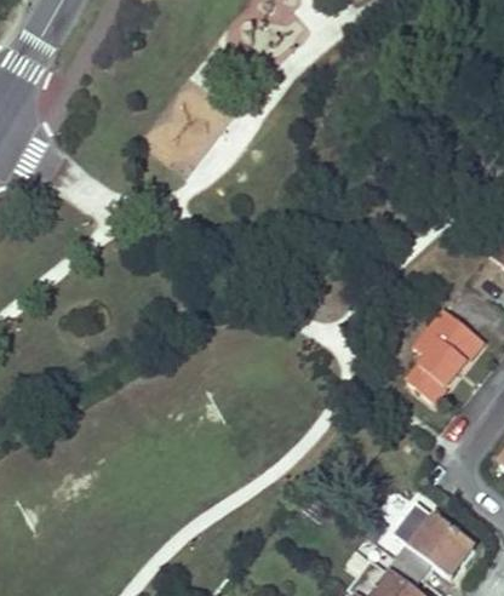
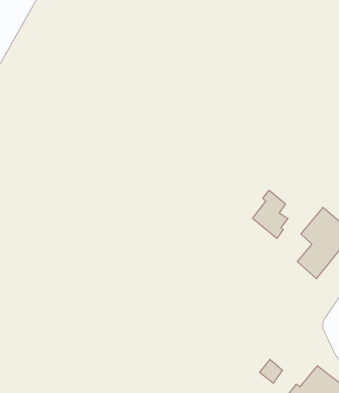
building: none -> [253,190,288,238]

